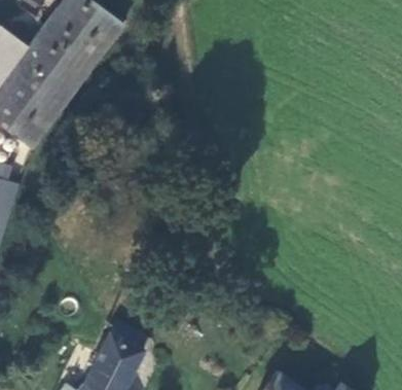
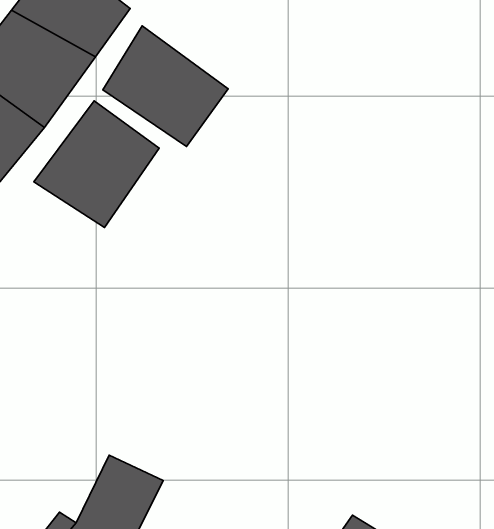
building: none -> [103,26,228,147]
building: none -> [34,101,159,227]

